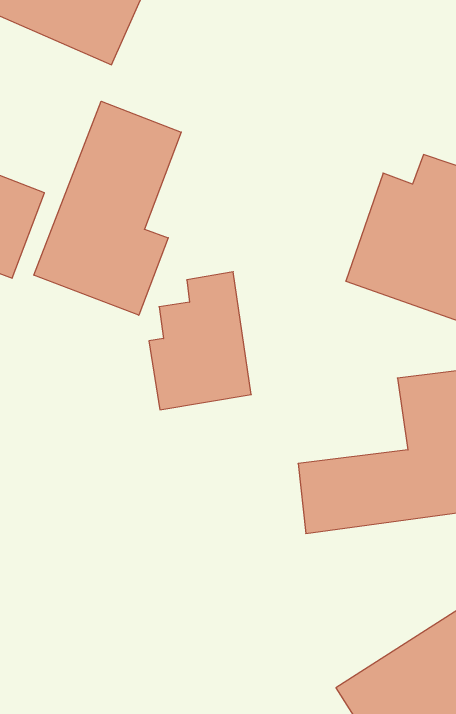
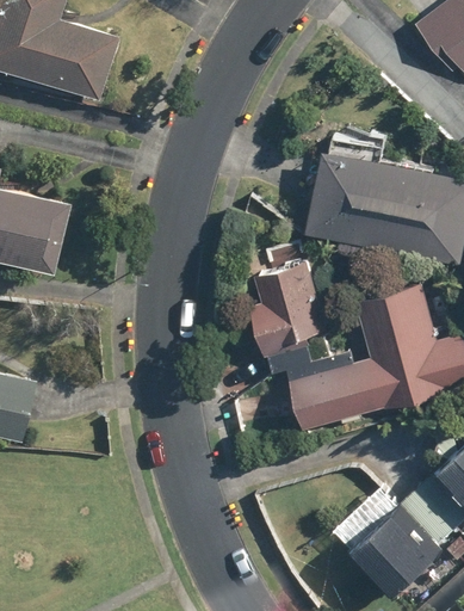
building: [34,101,181,315] -> none
building: [149,272,251,410] -> [247,241,332,356]

